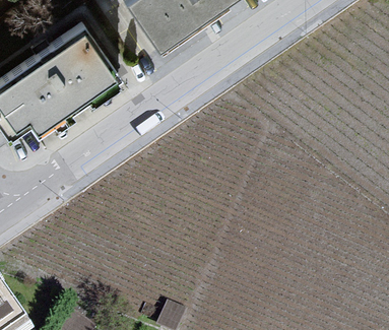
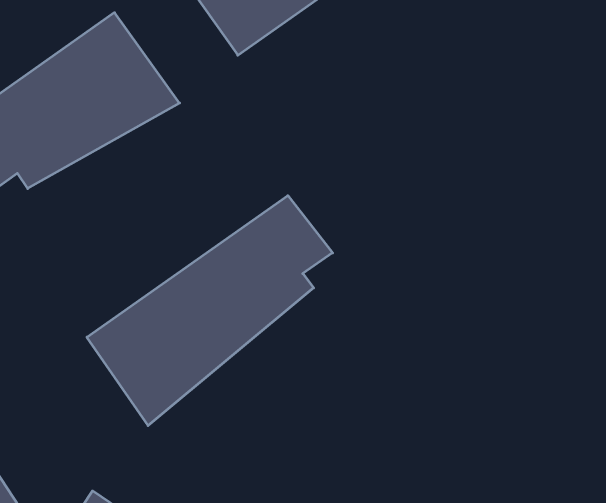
building: none -> [87,196,333,426]

